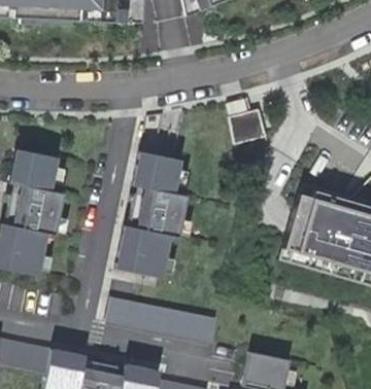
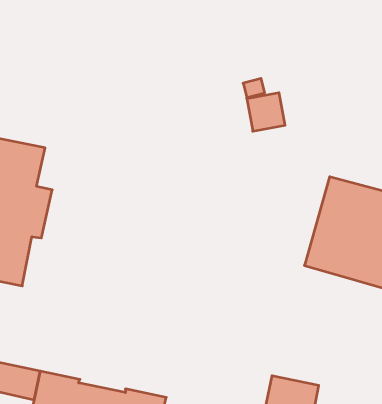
building: [116,151,188,278] -> none
building: [111,290,223,340] -> none

